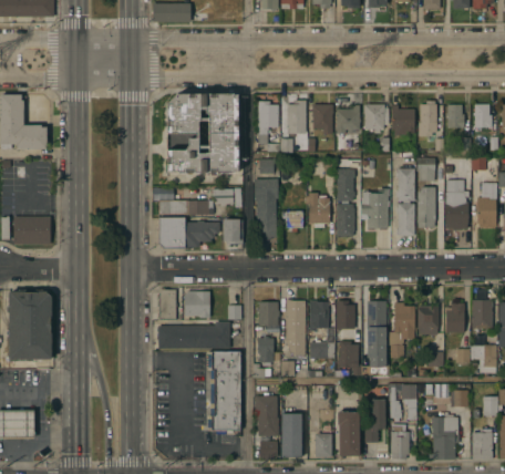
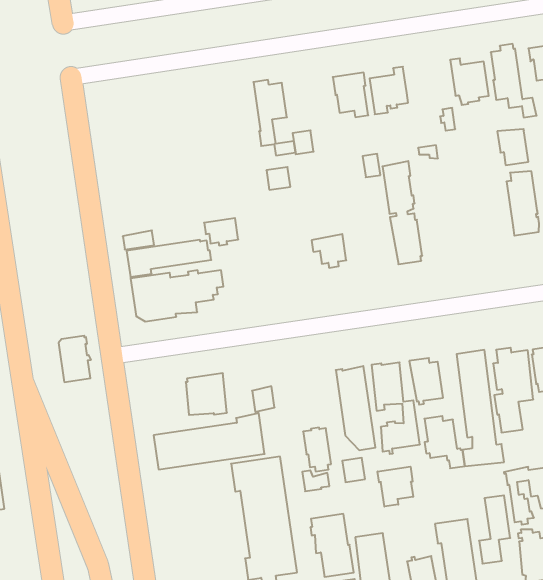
building: [165,94,238,176] -> none
building: [287,101,307,134] -> none
building: [363,104,389,134] -> none
building: [396,168,414,236] -> none
building: [254,179,278,240] -> none
building: [362,188,389,228] -> none
building: [308,193,330,228] -> none
building: [224,219,243,244] -> none
building: [158,291,178,320] -> [59,336,91,382]
building: [256,301,279,324] -> none
building: none -> [378,467,413,507]

